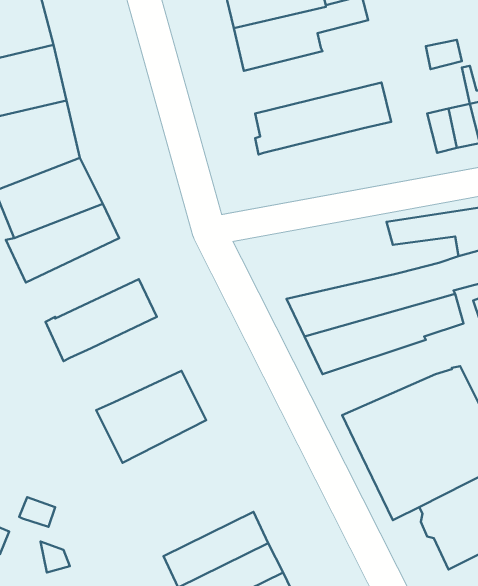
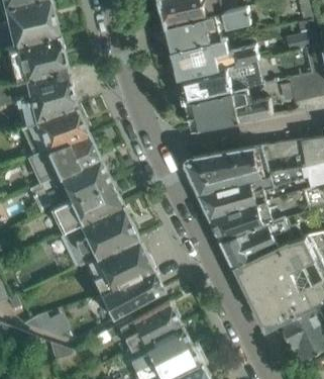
building: none -> [175,37,259,79]
building: none -> [187,88,273,129]
building: none -> [187,146,272,193]
building: none -> [40,156,110,207]
building: none -> [68,204,136,265]
building: none -> [223,218,303,265]
building: none -> [100,268,161,316]
building: none -> [106,300,181,352]

